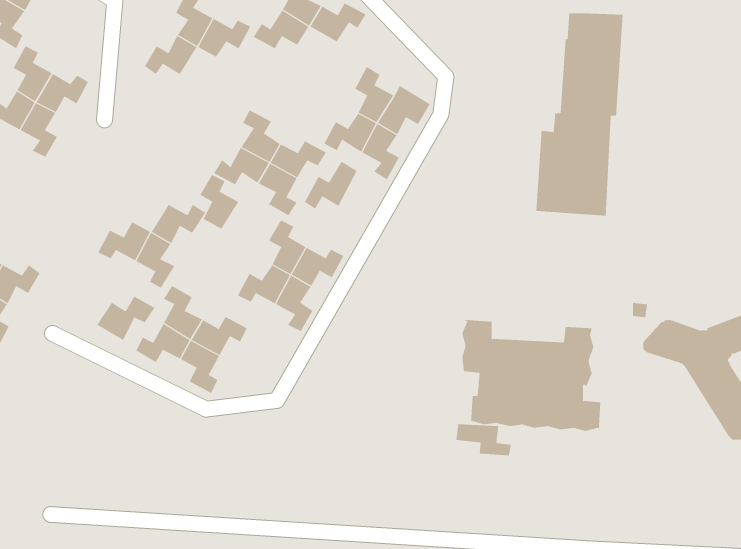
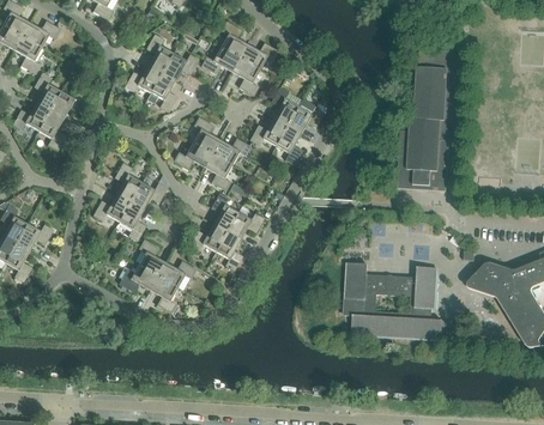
building: none -> [231,59,259,96]
building: none -> [146,73,177,111]
building: [304,161,357,210] -> none
building: [200,174,239,229] -> [114,163,141,201]
building: [96,296,155,341] -> none
building: [456,423,511,456] -> none

